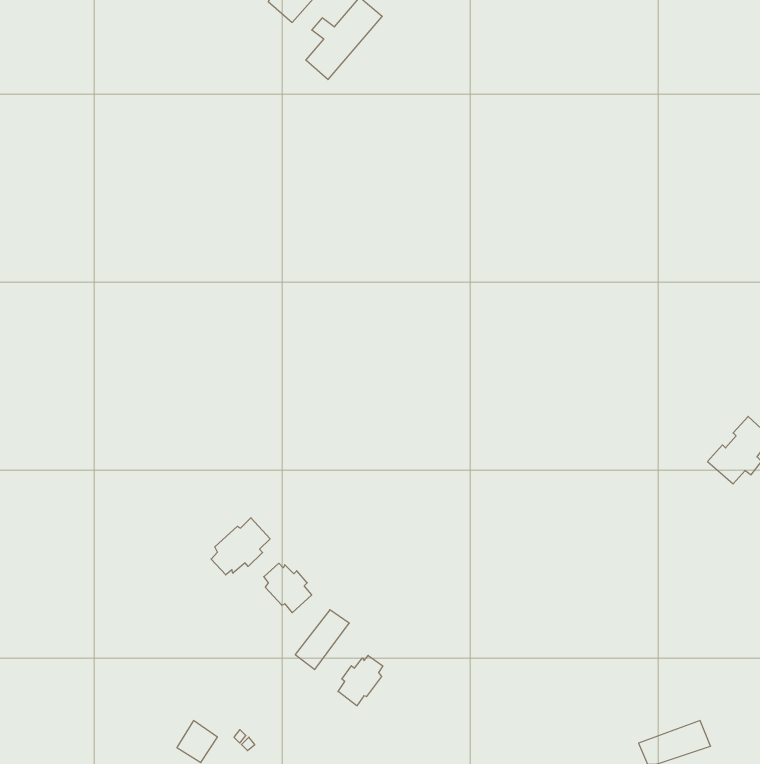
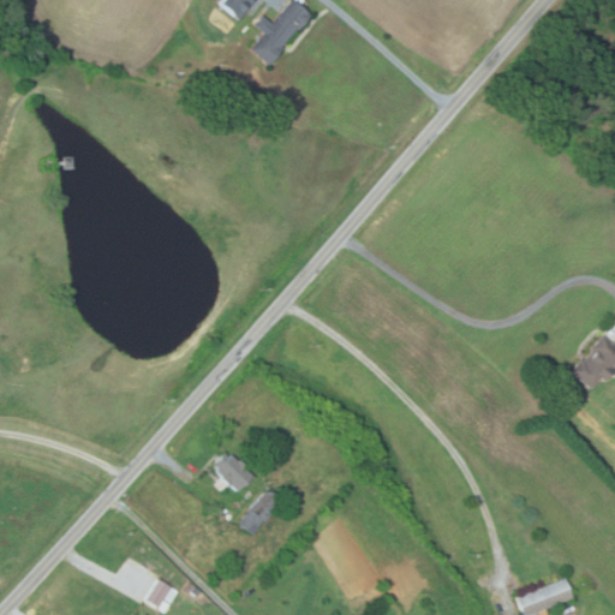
building: [211,518,270,575] -> none
building: [338,655,383,706] -> none

